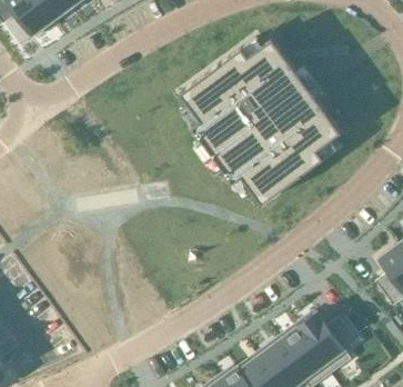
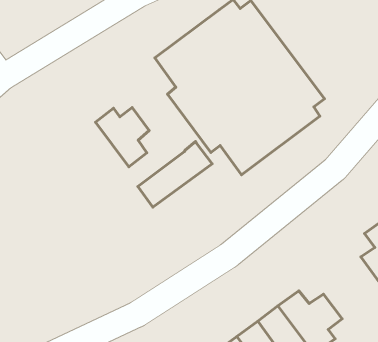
building: none -> [95,108,149,167]
building: none -> [138,141,212,207]

